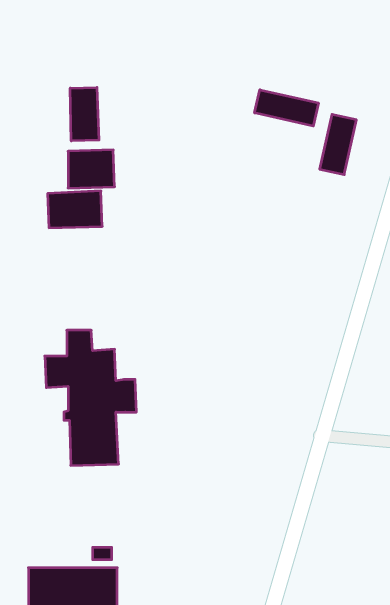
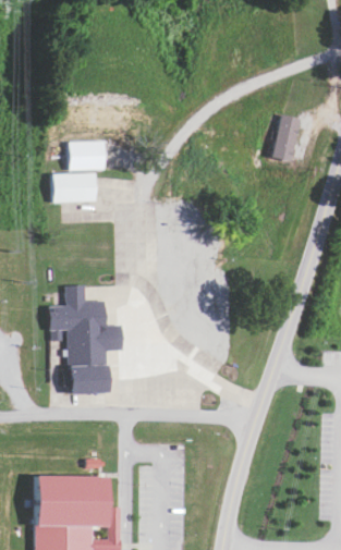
building: [70,87,99,141] -> none
building: [255,90,318,126] -> none

